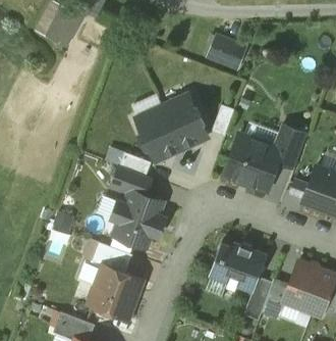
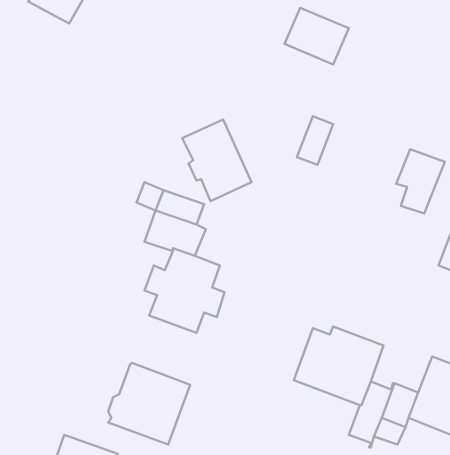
building: [163,95,207,147] -> none
building: [224,134,282,189] -> none
building: [89,238,132,273] -> none

